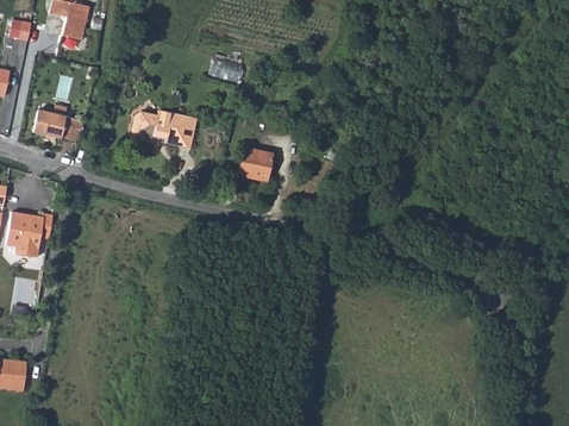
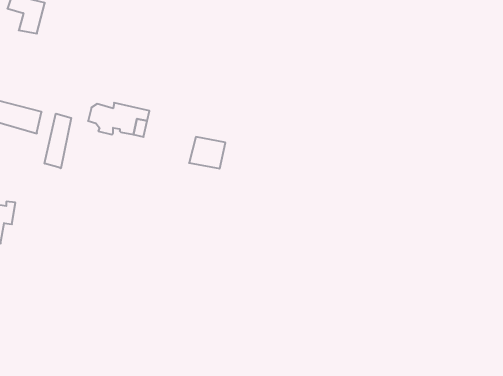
building: [208,55,242,77] -> none
building: none -> [45,114,71,168]

